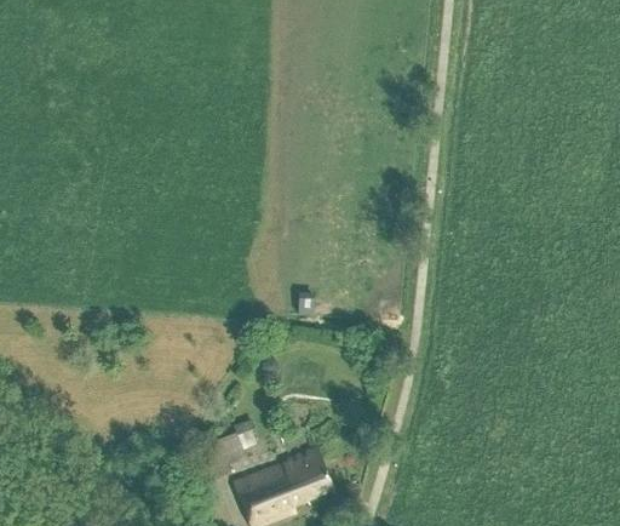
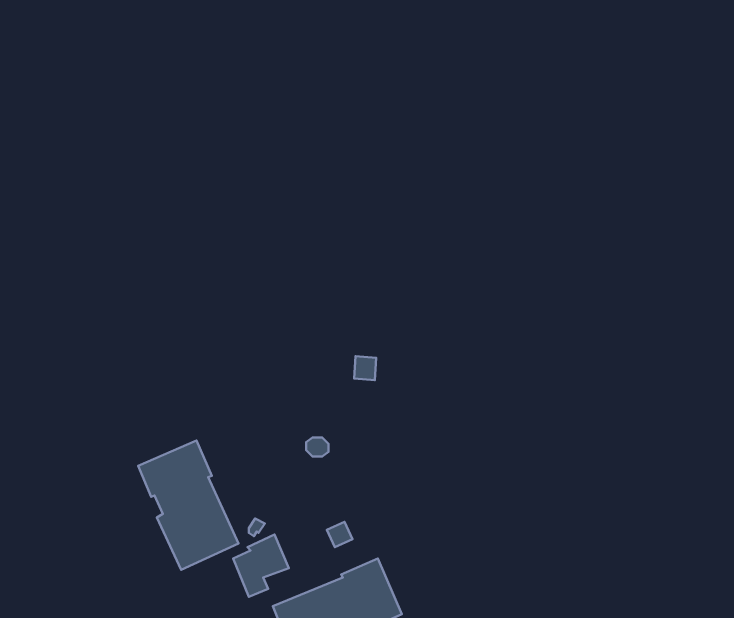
building: none -> [138,440,239,570]

